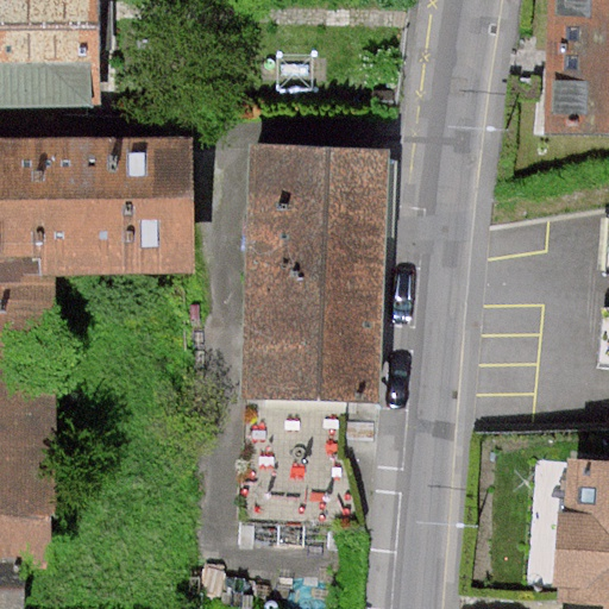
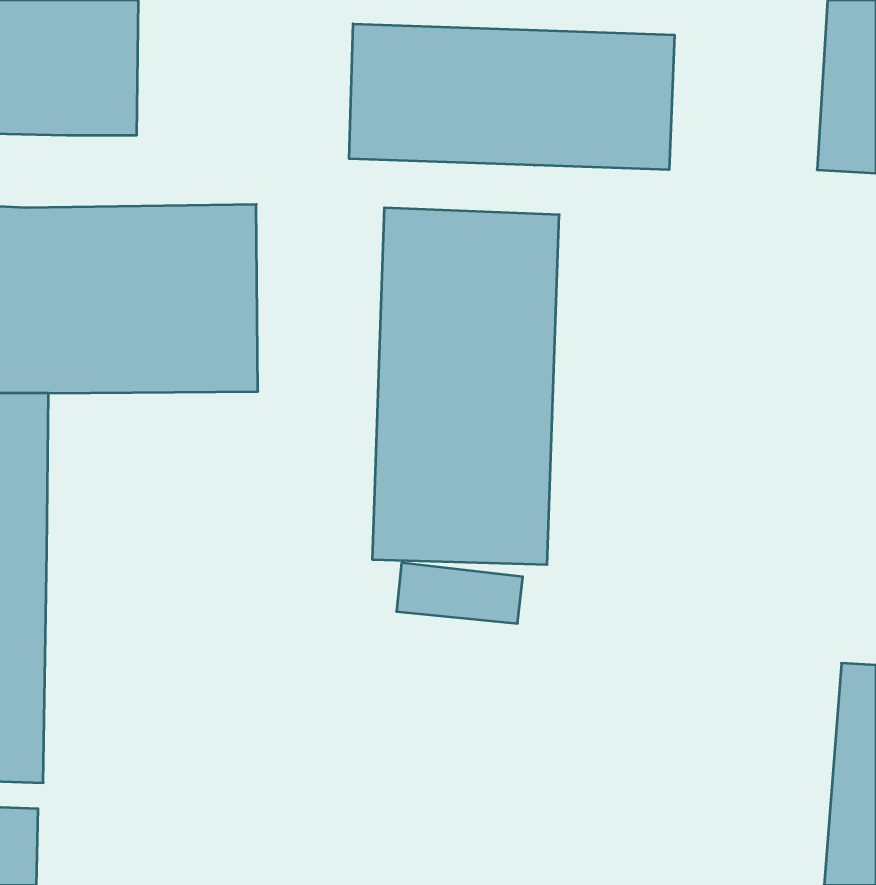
building: none -> [349,24,674,170]

